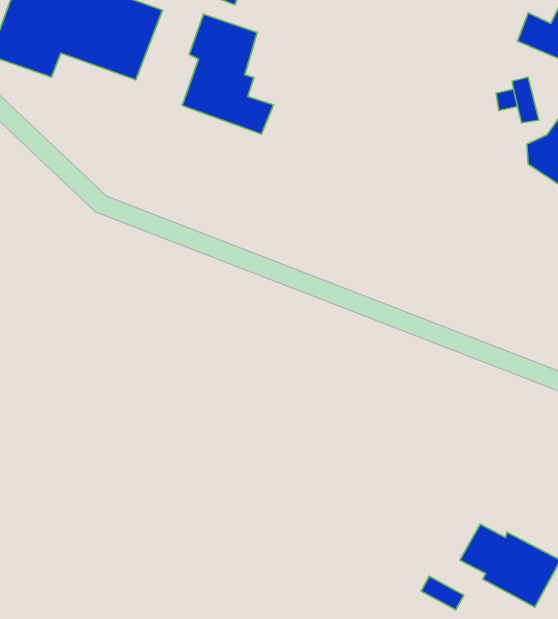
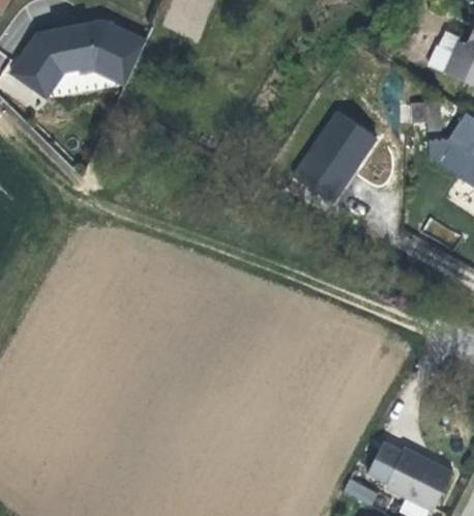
building: [182,14,273,134] -> none
building: none -> [290,106,383,206]

